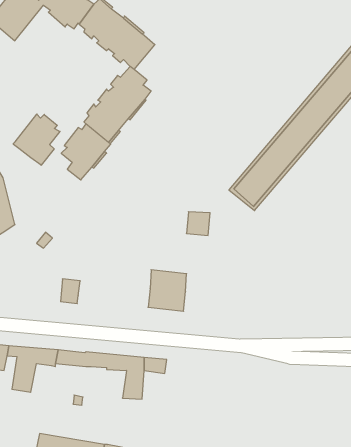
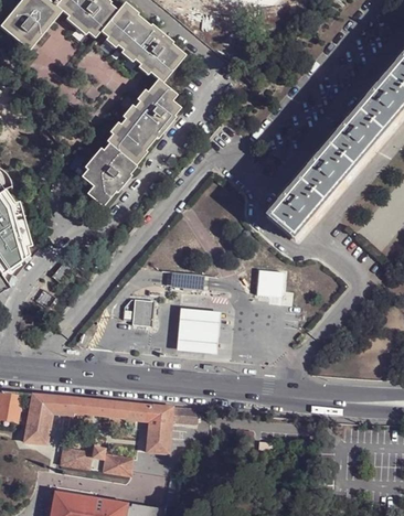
building: [13,114,60,165] -> none
building: [186,212,210,235] -> [256,270,283,297]
building: [61,279,80,304] -> [130,298,152,325]
building: none -> [59,445,89,466]
building: none -> [103,452,131,474]

